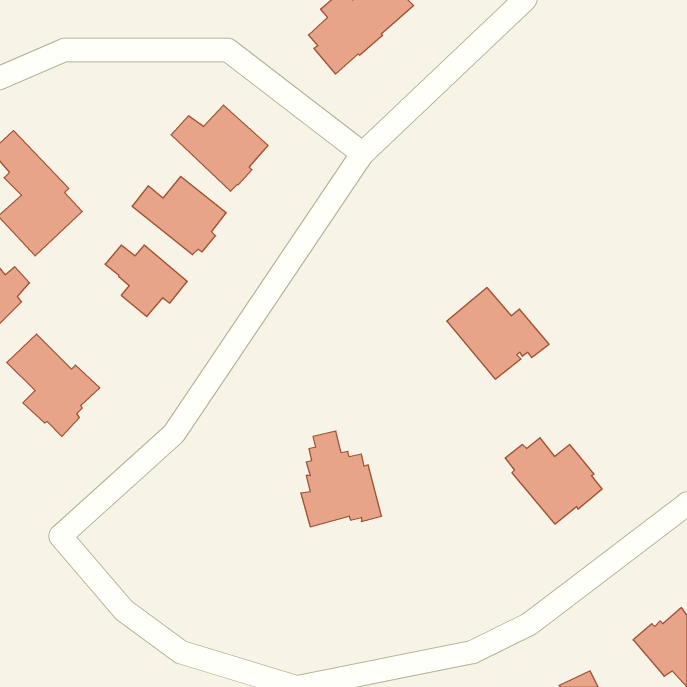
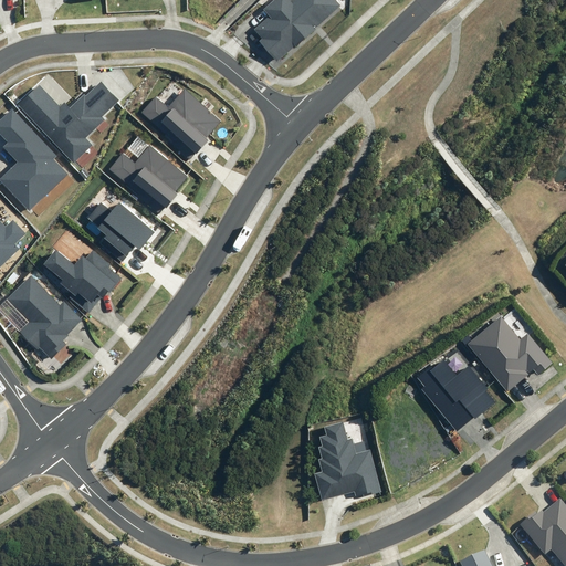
building: none -> [18,80,118,160]
building: [447,288,549,379] -> [467,315,551,390]
building: none -> [42,249,122,311]
building: [301,431,382,527] -> [313,421,379,500]

